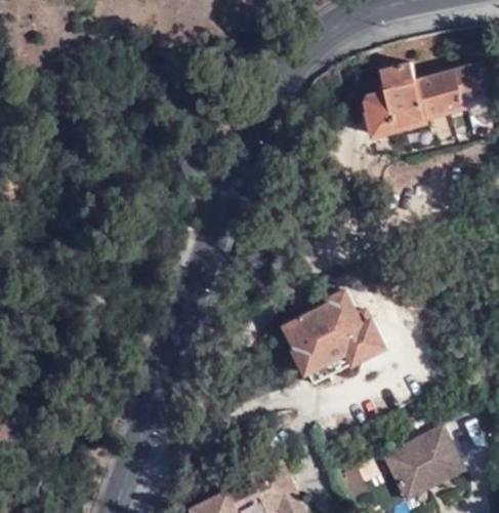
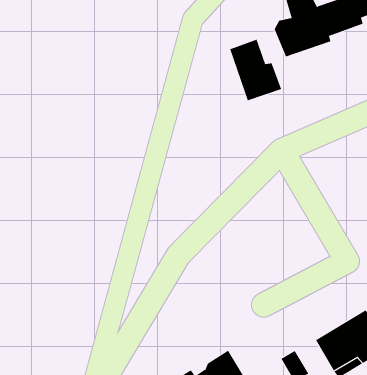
building: none -> [230,39,282,101]
building: [285,292,383,385] -> none

